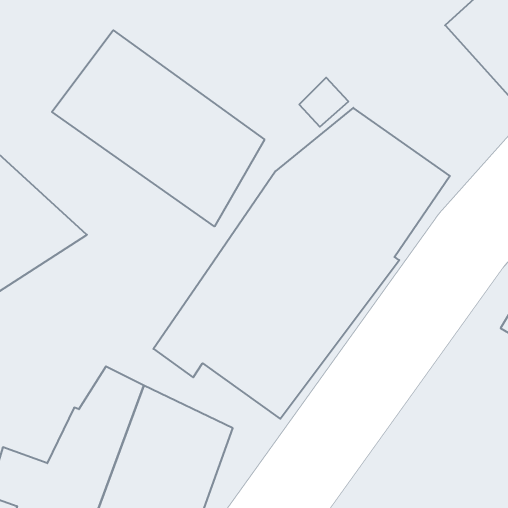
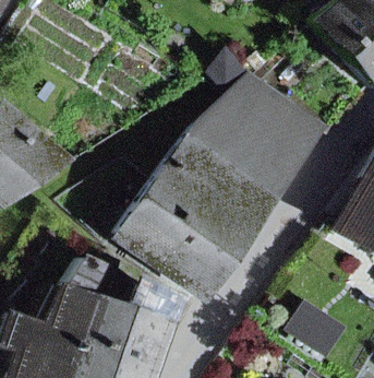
building: [52,30,264,226] -> none

